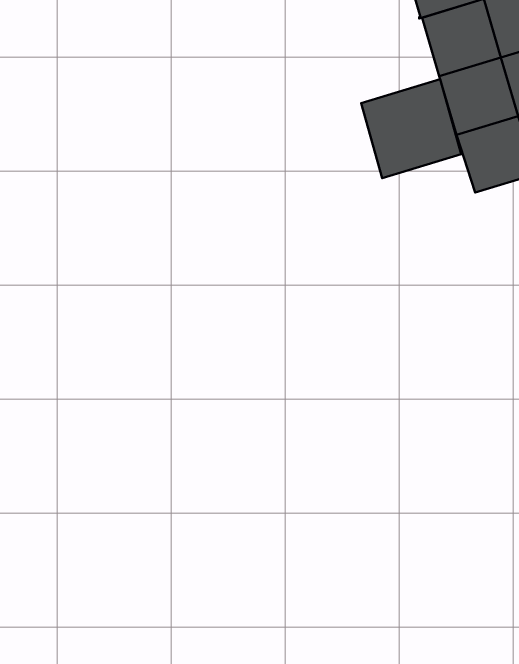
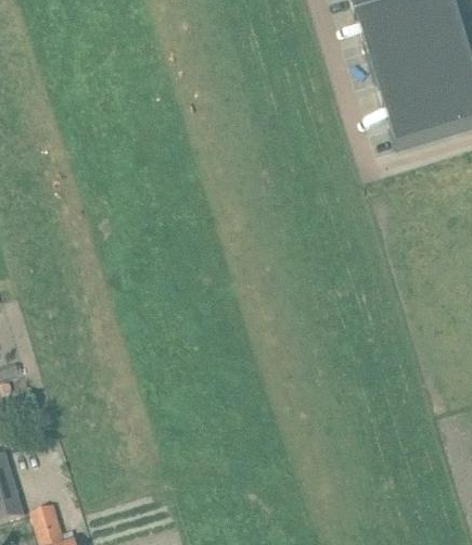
building: [361,79,461,178] -> none

